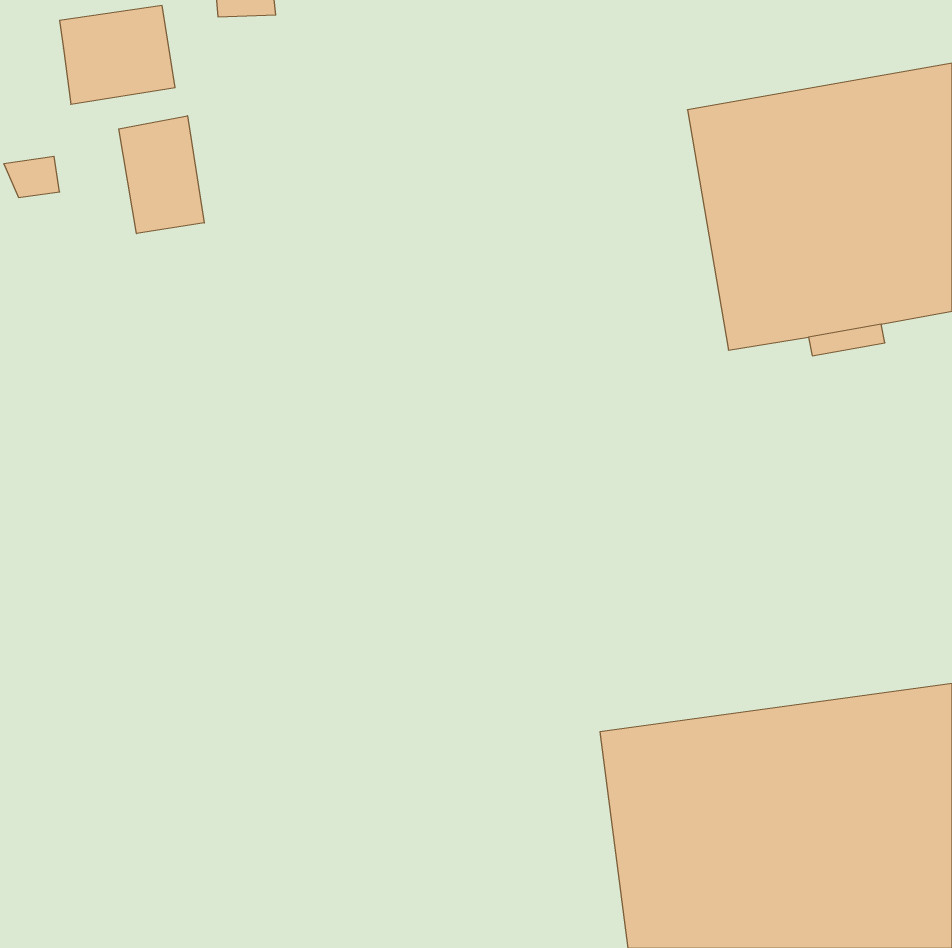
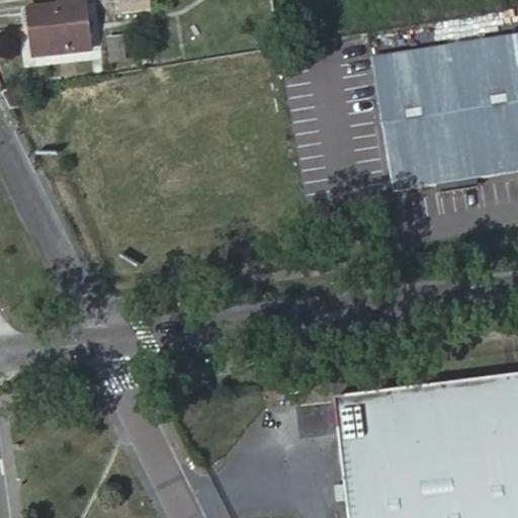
building: [119,116,204,234] -> none

